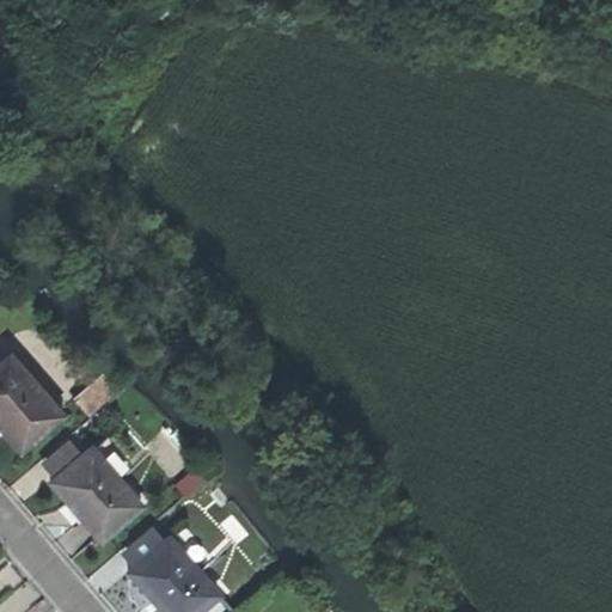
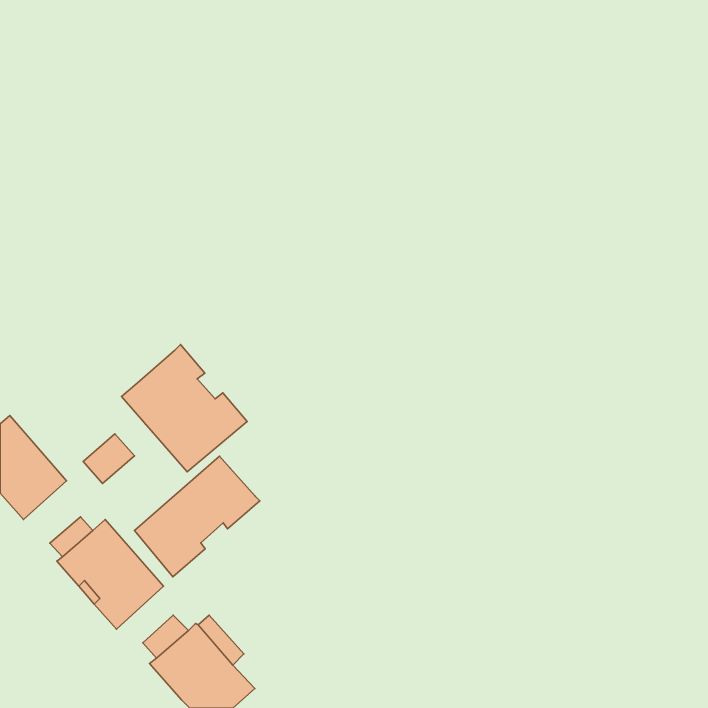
building: none -> [122,344,247,472]
building: none -> [134,456,260,577]

